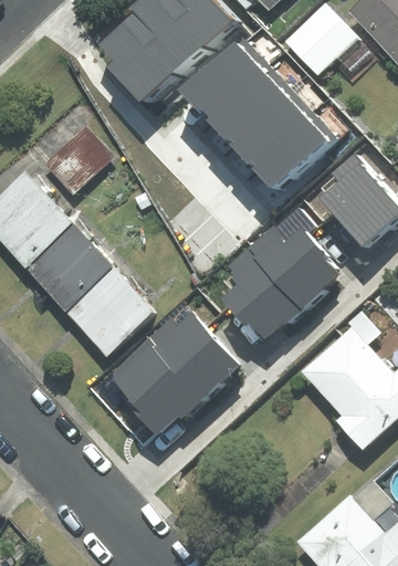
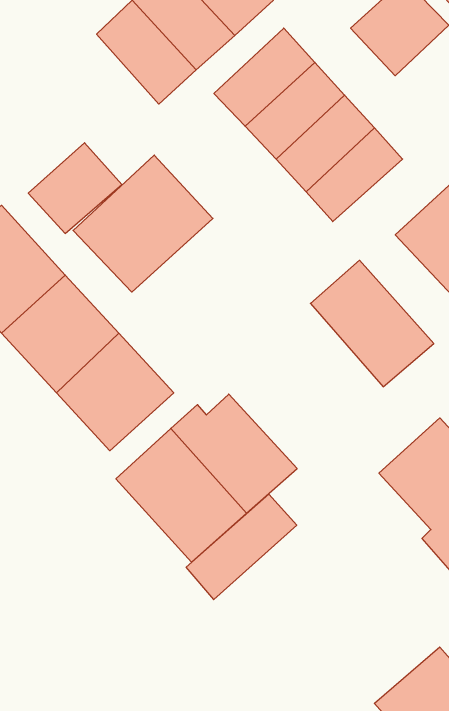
building: none -> [73,155,213,292]
building: [228,245,308,340] -> none
building: none -> [186,494,297,600]

